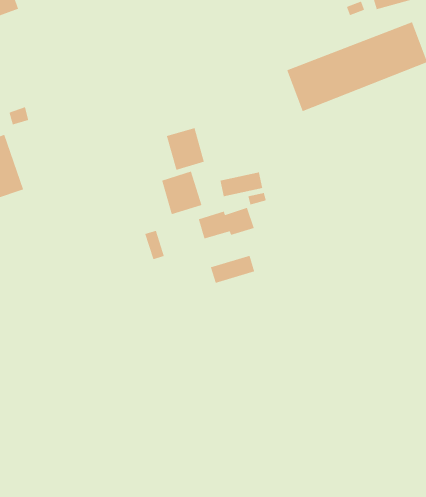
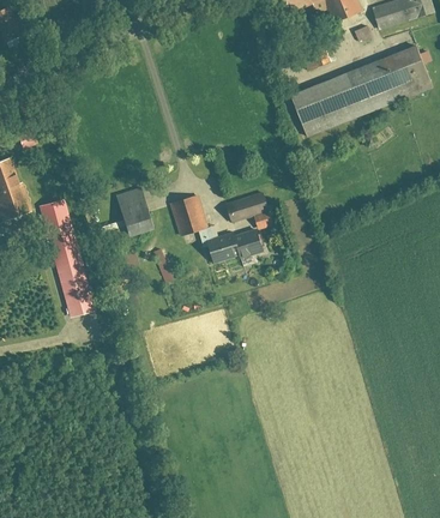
building: [166,127,205,171] -> [114,186,152,229]
building: none -> [40,199,94,311]
building: [210,255,255,284] -> none

